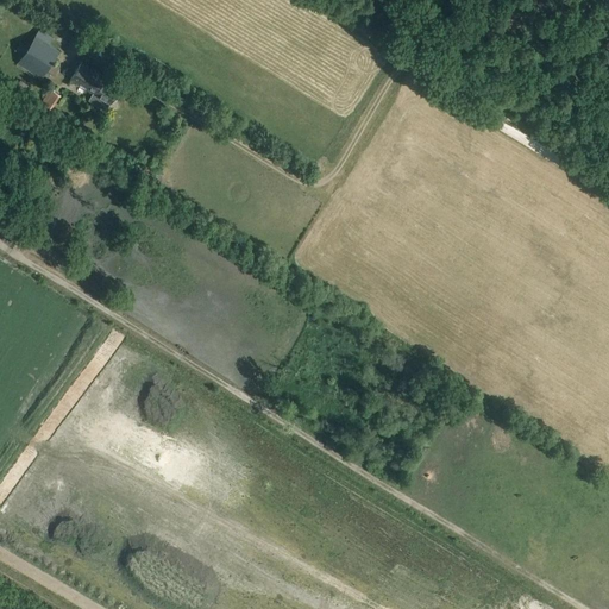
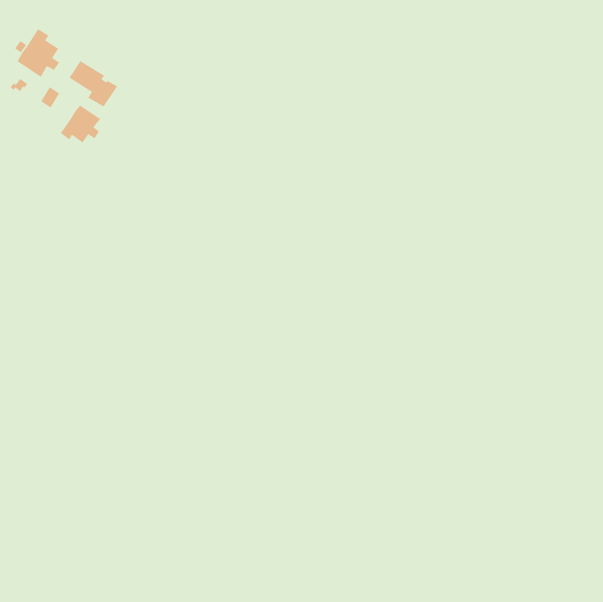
building: none -> [60,105,101,143]

